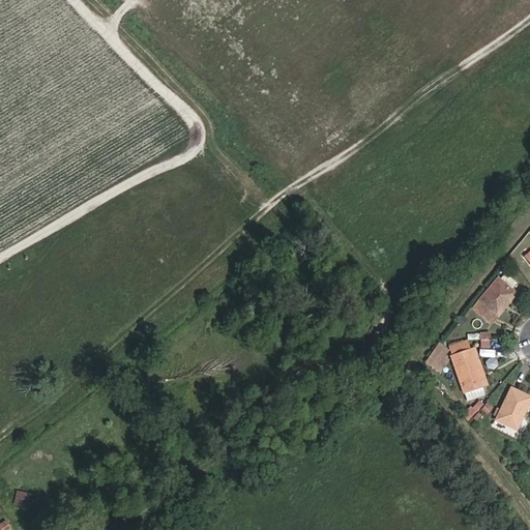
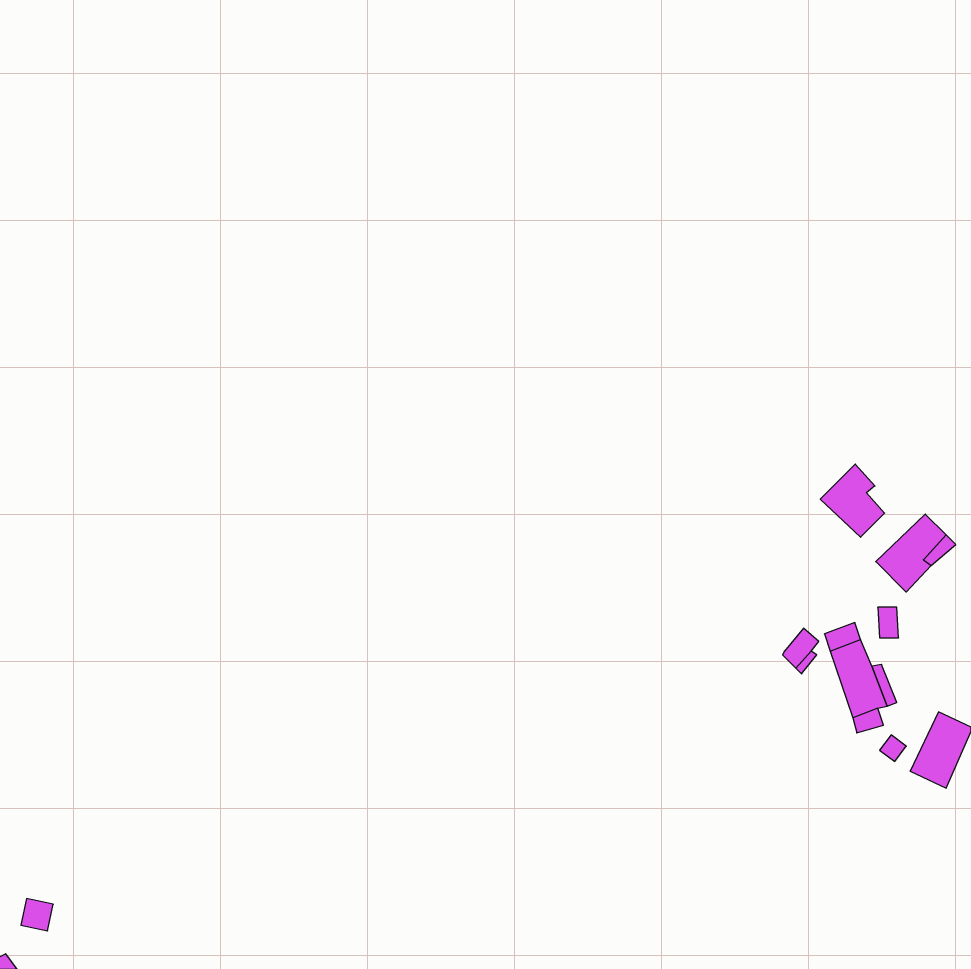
building: none -> [820,464,885,537]

